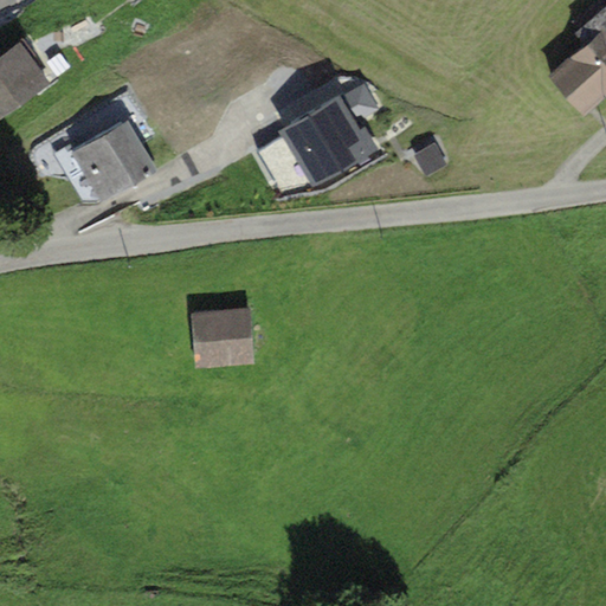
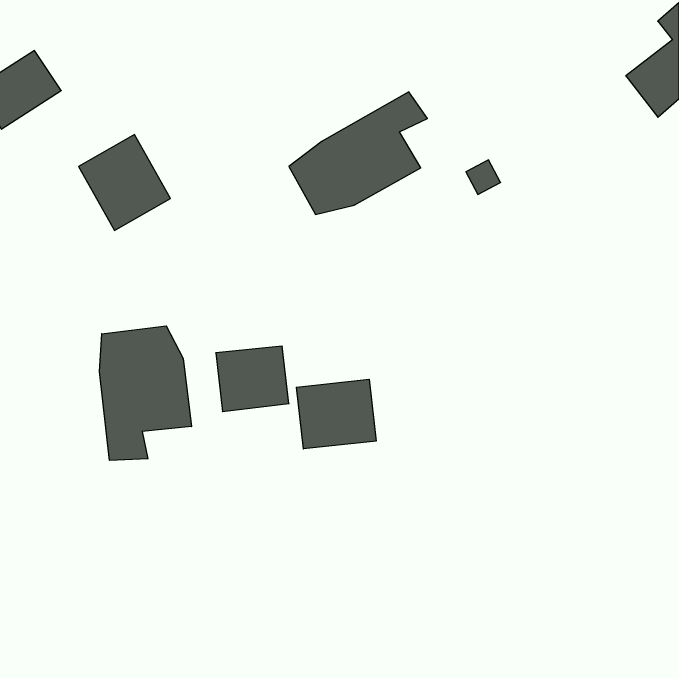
building: none -> [99,326,191,460]
building: none -> [296,379,376,449]

